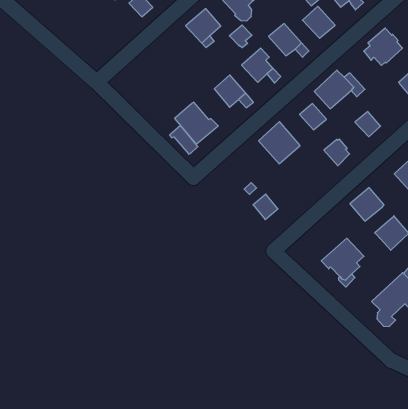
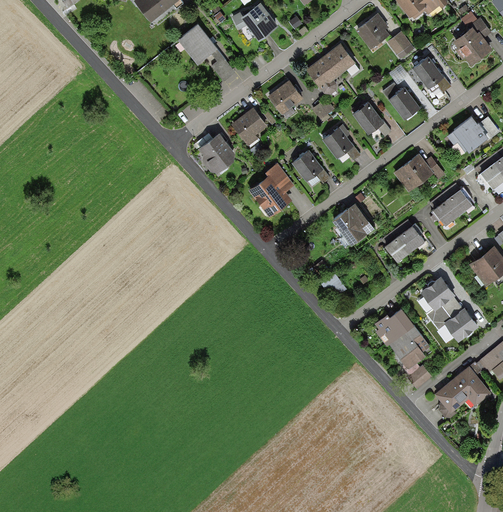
building: none -> [231,107,267,146]
building: none -> [197,132,234,173]
building: none -> [446,187,472,214]
building: [300,104,326,130] -> [384,234,411,261]
building: [170,126,198,154] -> [265,163,293,193]
building: none -> [425,297,462,330]
building: none -> [374,308,414,347]

